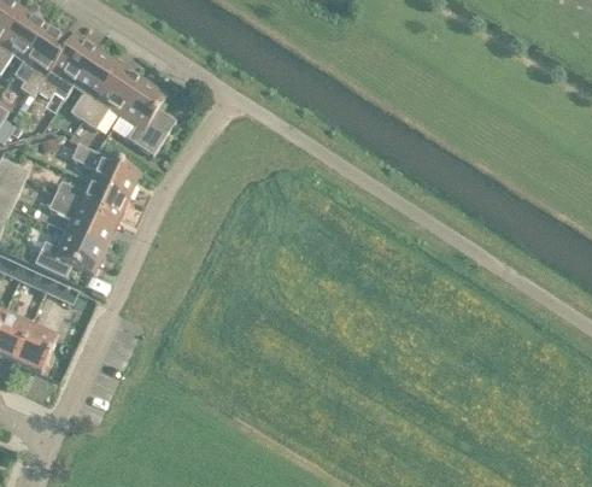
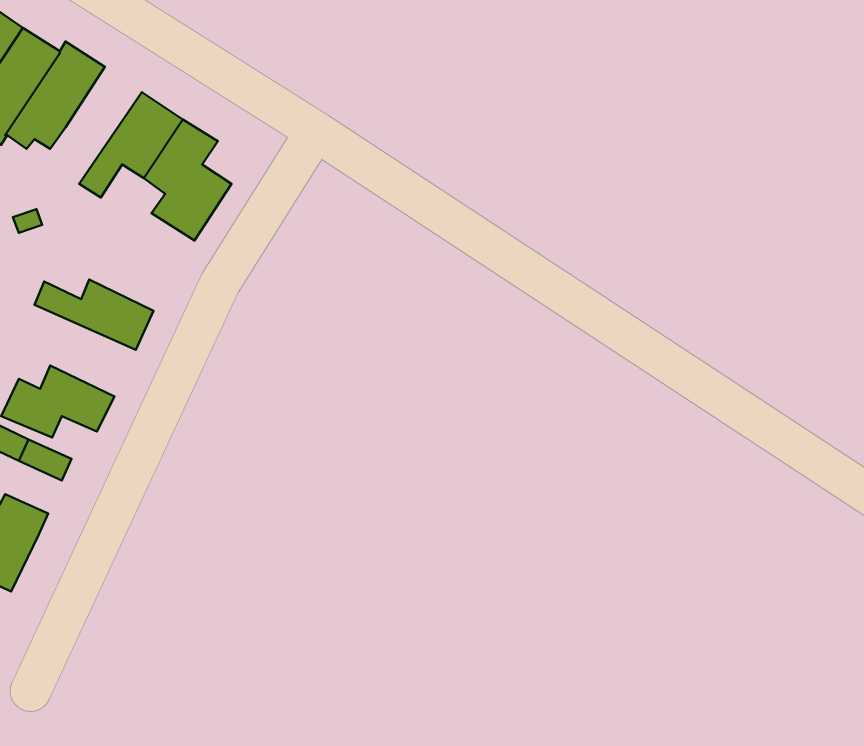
building: [69,47,119,119] -> none
building: [70,142,139,198] -> none
building: [47,194,116,251] -> none

